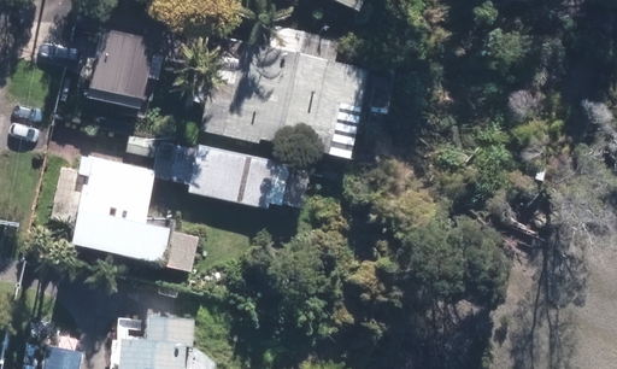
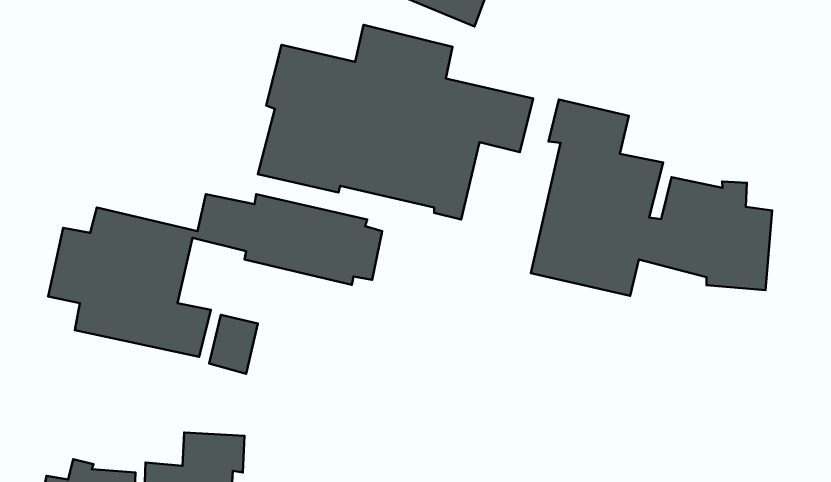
building: [104,36,158,101] -> none
building: none -> [531,99,772,296]

